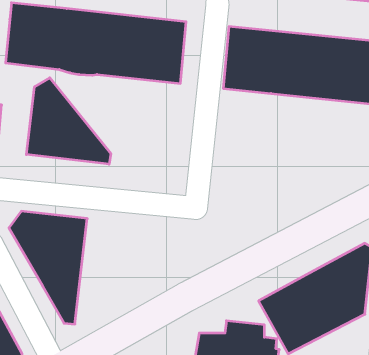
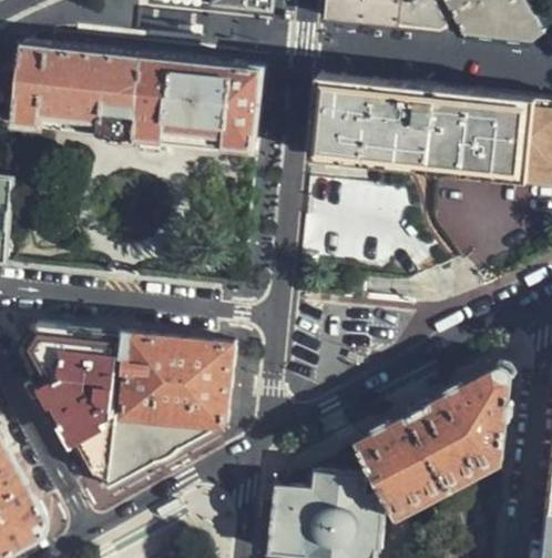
building: [26,78,111,164] -> none
building: none -> [108,334,232,489]

